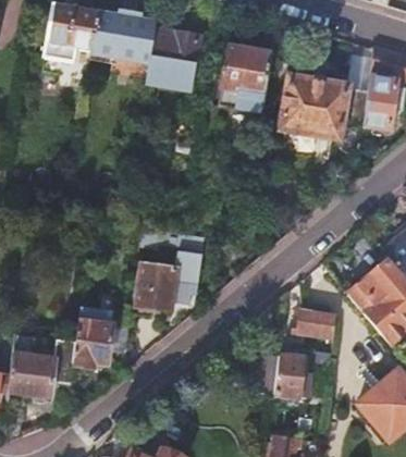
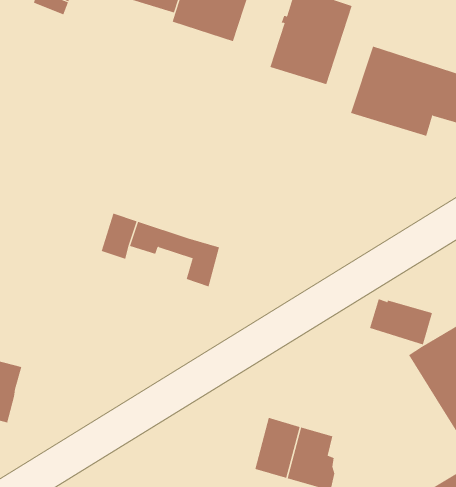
building: [135,262,175,310] -> none
building: [73,305,112,367] -> none
building: [293,308,336,336] -> [369,299,433,345]

